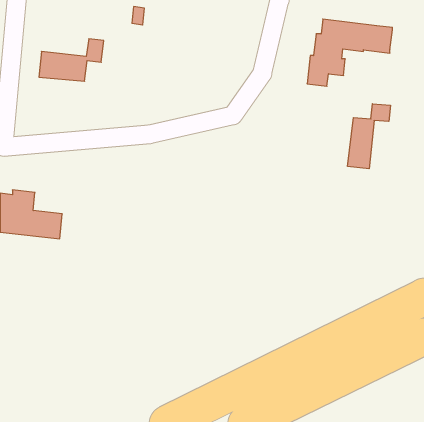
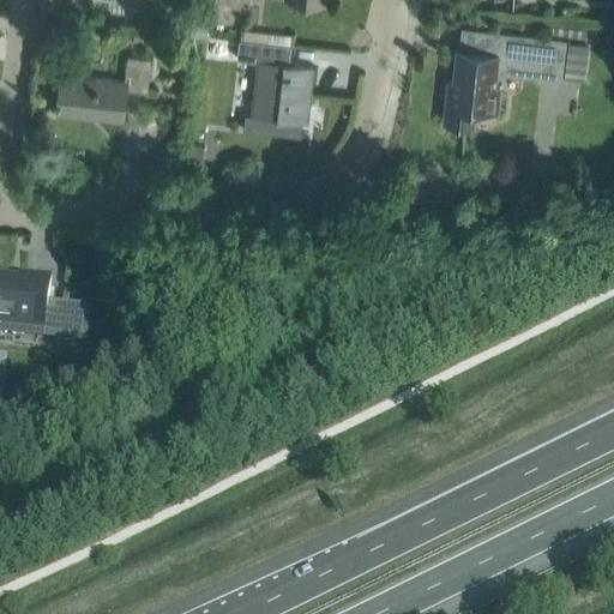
building: none -> [236,42,314,136]
building: [348,104,390,169] -> none

